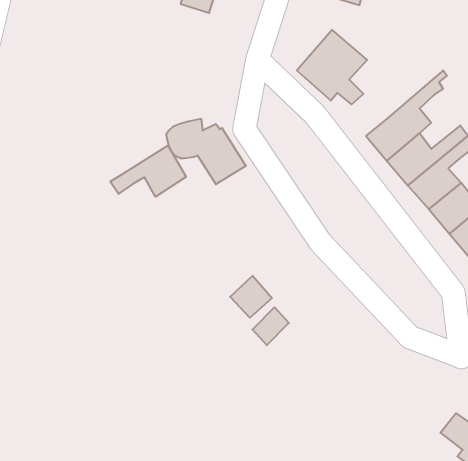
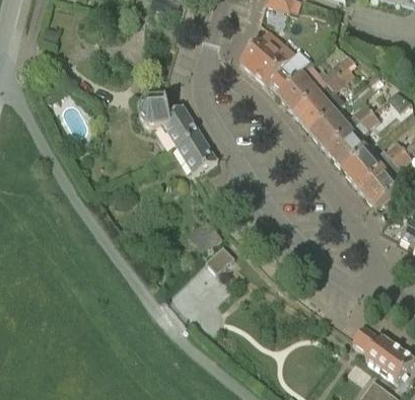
building: none -> [277,53,354,110]
building: [110,146,186,197] -> none
building: none -> [178,134,217,175]

